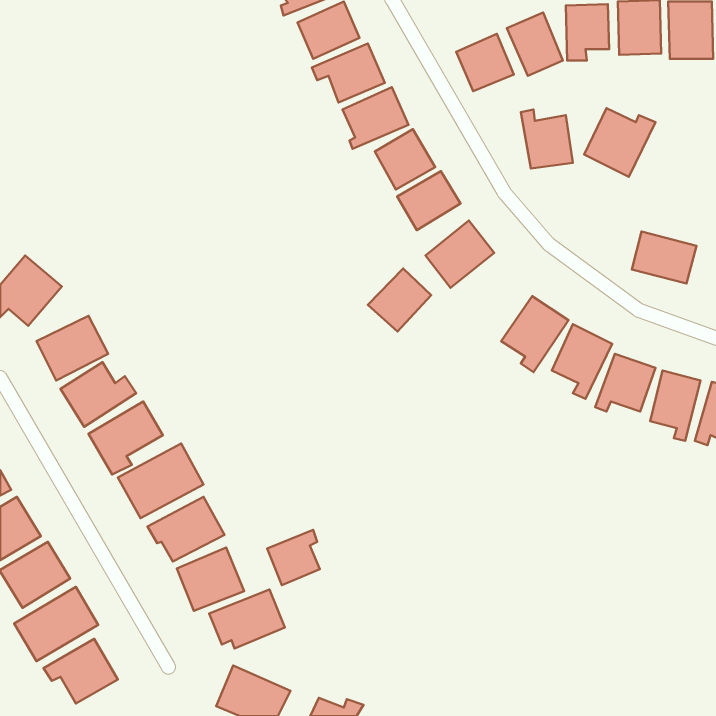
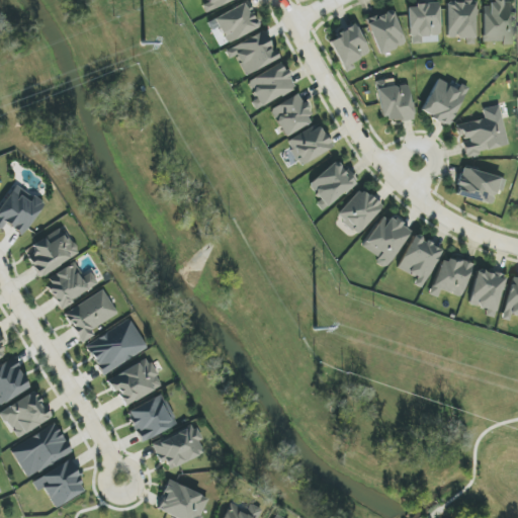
building: none -> [460,105,509,155]
building: [368,268,431,332] -> [337,188,382,234]
building: [267,530,320,585] -> none

